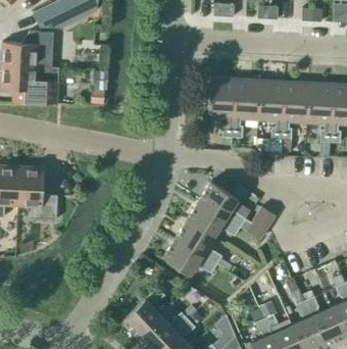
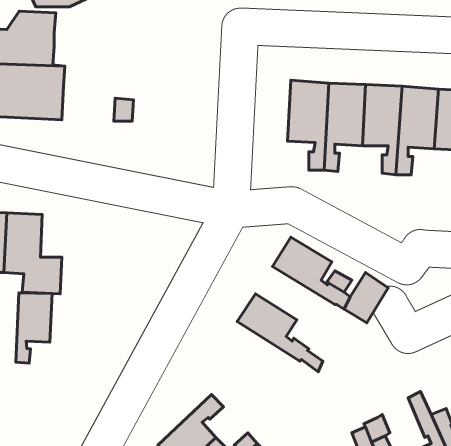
building: [187,201,240,237] -> none
building: none -> [16,293,52,363]
building: [163,238,216,275] -> none

